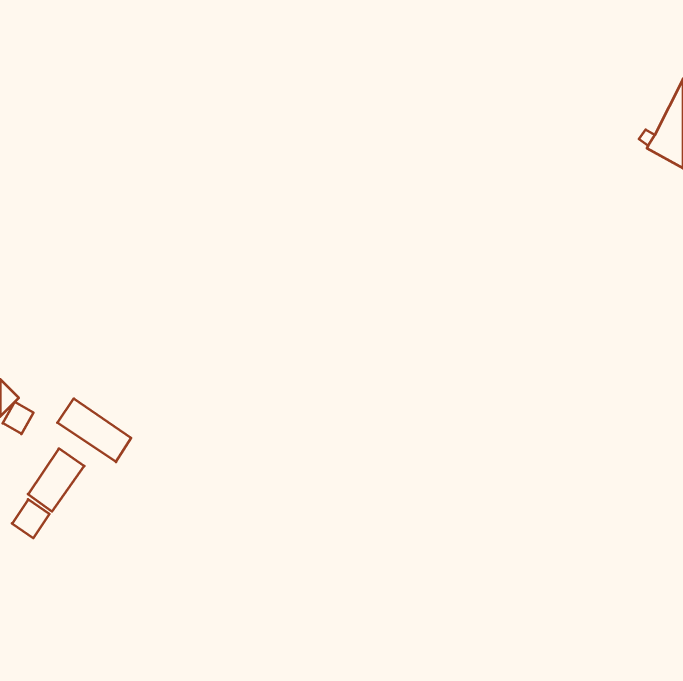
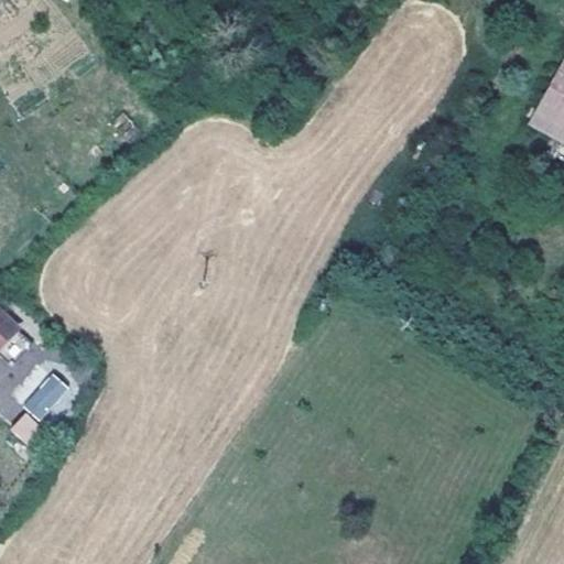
building: [57,399,131,462] -> none

